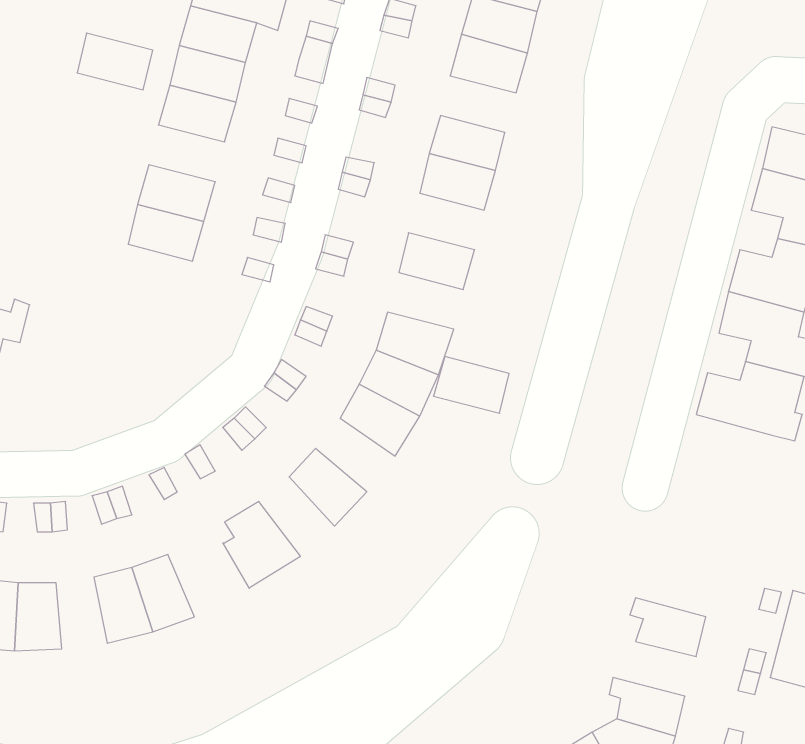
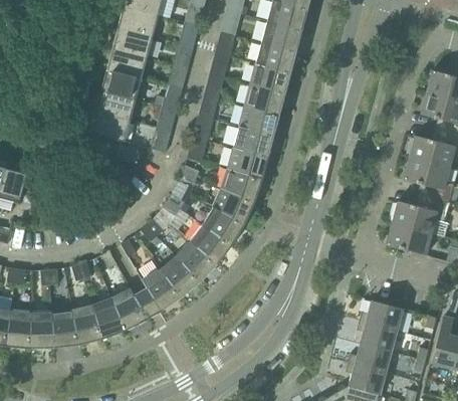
building: [77,33,153,90] -> [101,68,142,98]
building: none -> [256,42,296,72]
building: none -> [239,105,279,135]
building: [433,356,509,413] -> [228,147,268,177]
building: none -> [386,222,432,254]
building: none -> [190,224,232,263]
building: none -> [160,255,200,297]
building: none -> [111,286,155,330]
building: none -> [360,299,403,330]
building: none -> [52,309,79,347]
building: none -> [348,343,392,372]

